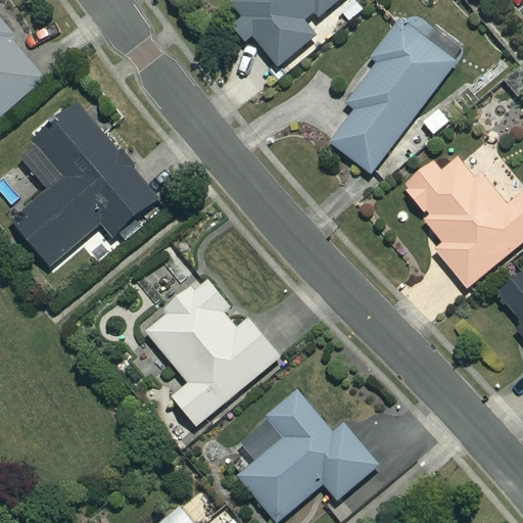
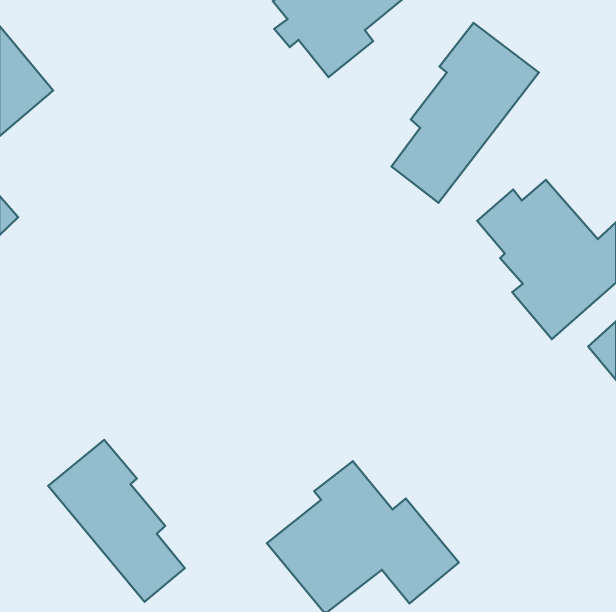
building: [12,103,159,265] -> none
building: [143,277,280,425] -> none
building: none -> [48,440,185,602]

